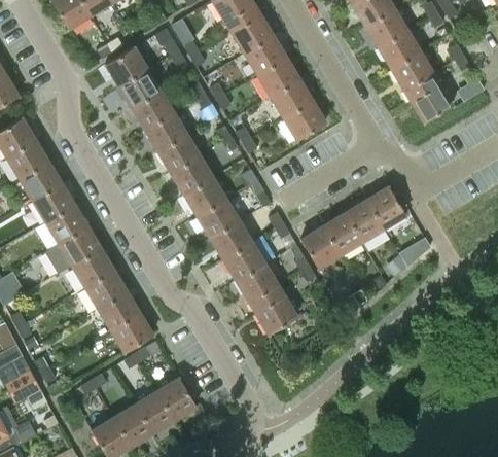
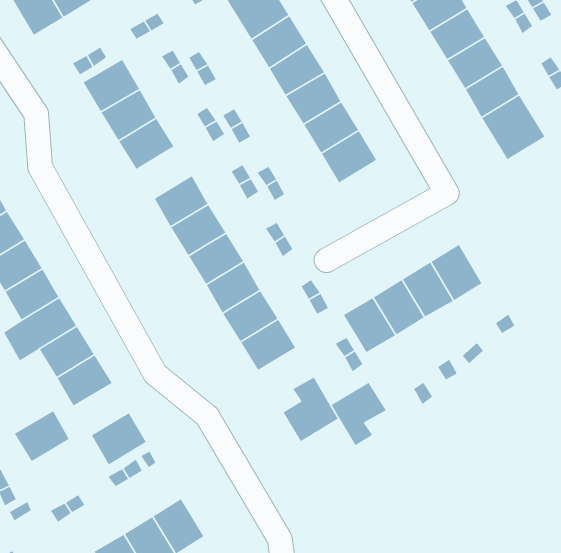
building: [145,113,187,152] -> none
building: [237,265,279,313] -> [331,382,387,446]
building: [98,291,140,330] -> [14,410,70,462]

